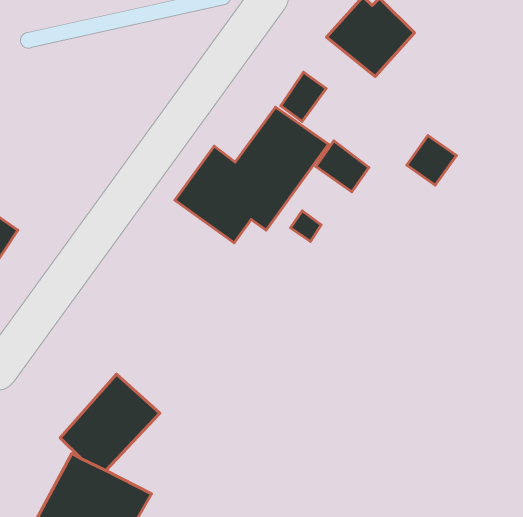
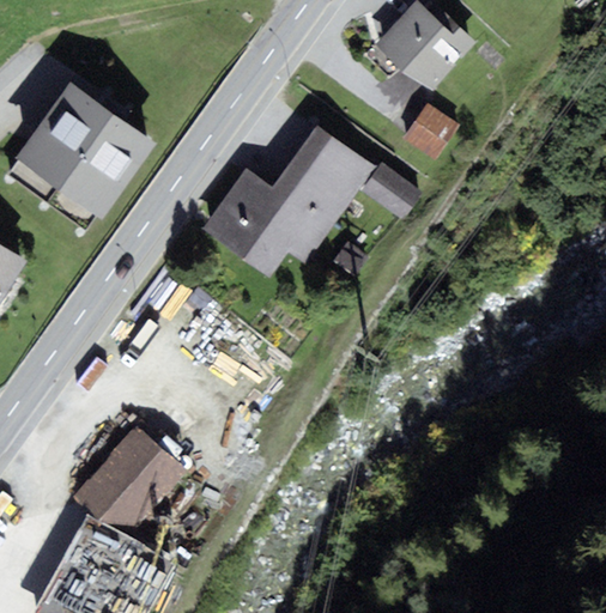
building: none -> [13,83,157,223]
building: [281,72,326,122] -> none
building: [407,135,457,185] -> [401,104,457,160]

